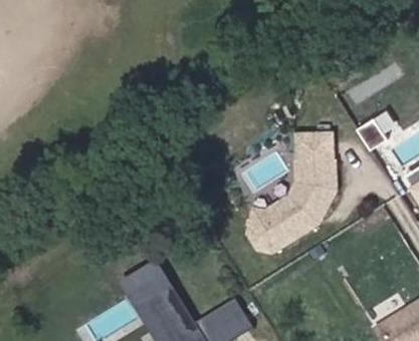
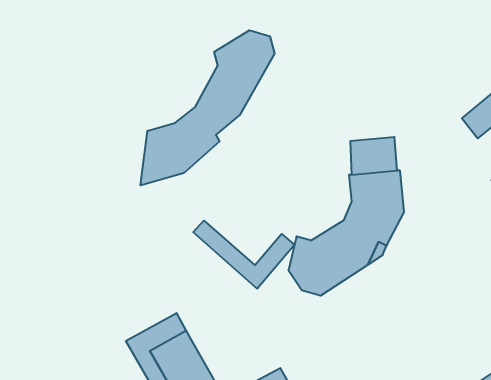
building: none -> [141,30,275,185]
building: none -> [193,221,294,289]

